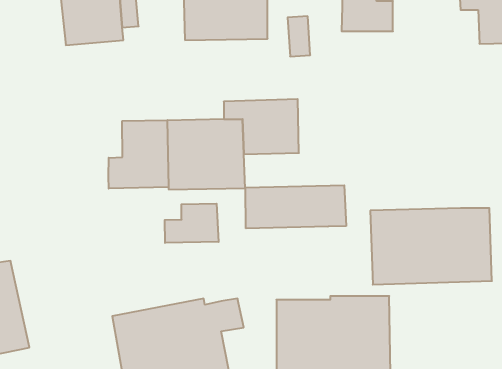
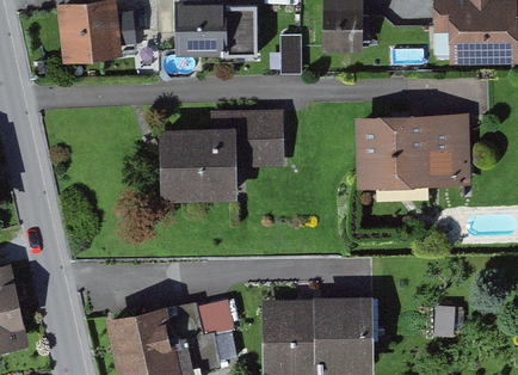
building: [108,120,169,189] -> none
building: [245,185,346,228] -> none
building: [165,204,219,243] -> none
building: [370,208,492,285] -> [354,115,470,188]

